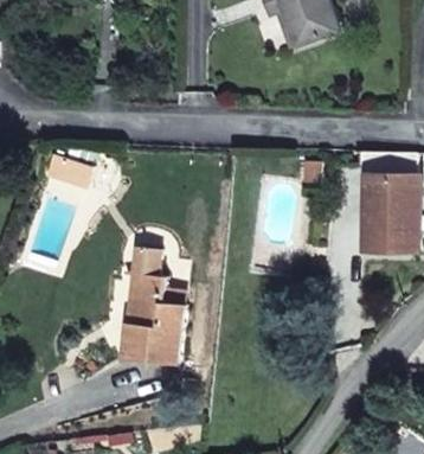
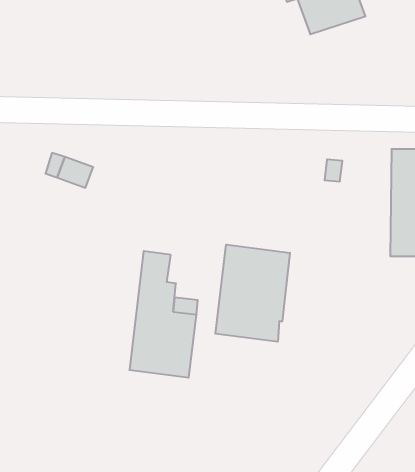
building: none -> [215,245,290,342]

